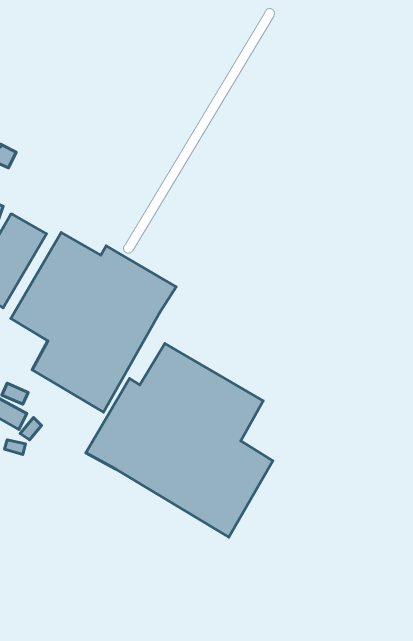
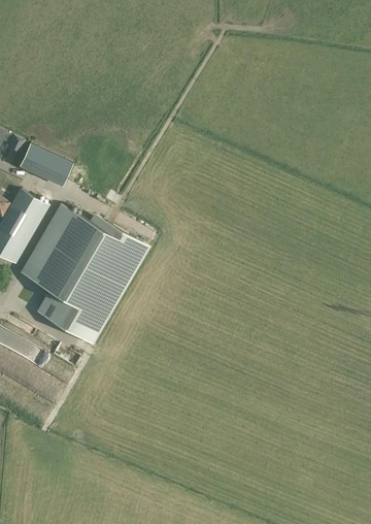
building: none -> [20,142,73,185]
building: [86,343,273,537] -> none

